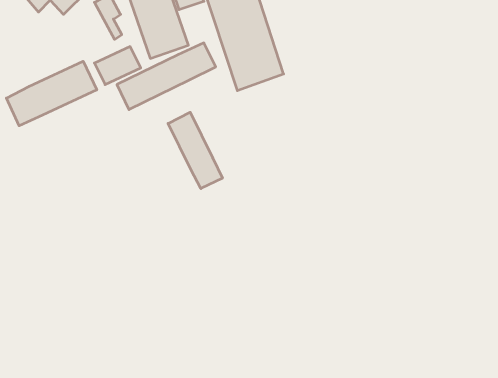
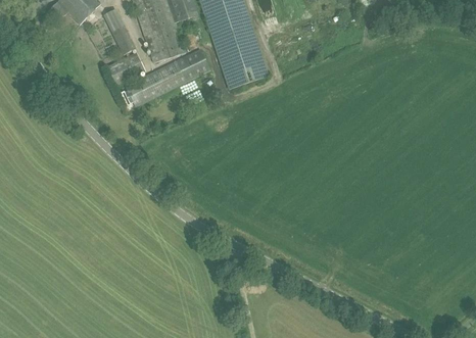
building: [6,61,97,126] -> none
building: [168,112,222,189] -> none

